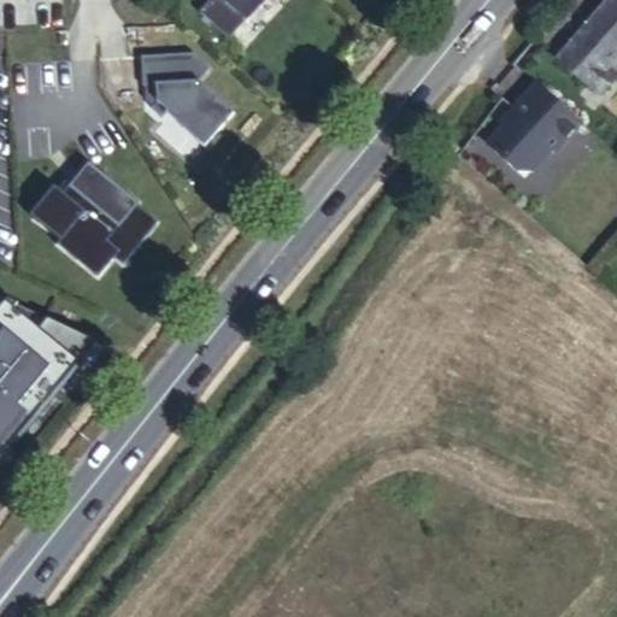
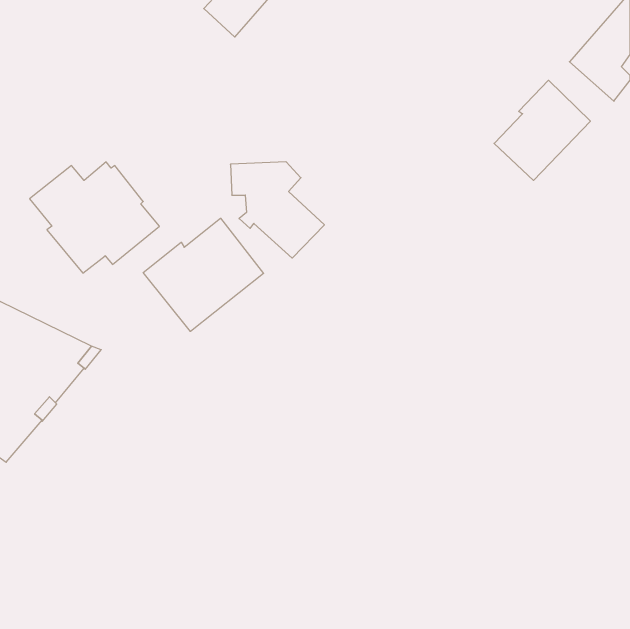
building: [141,52,233,146] -> [230,162,324,258]
building: none -> [143,218,264,331]

